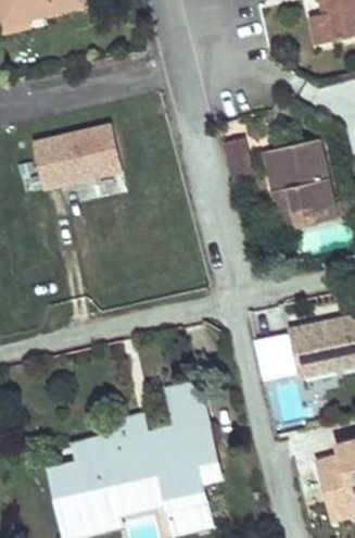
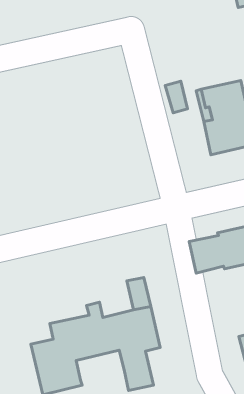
building: [29,124,123,189] -> none
building: [111,478,172,516] -> none

